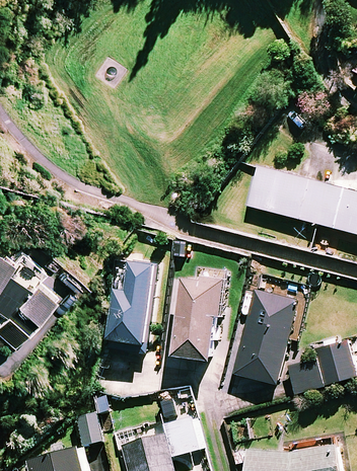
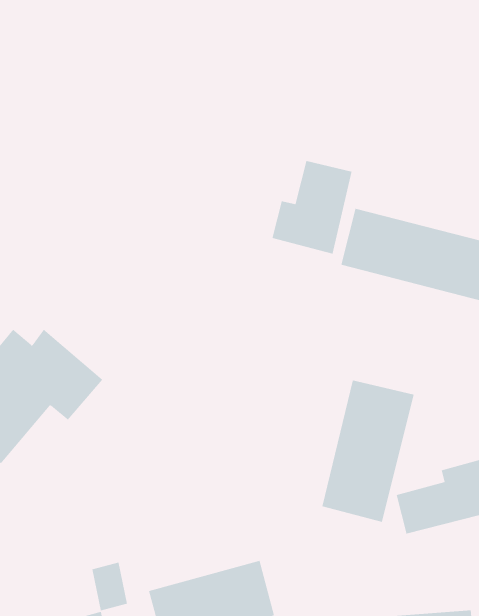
building: none -> [272,160,352,254]
building: [104,260,156,346] -> none
building: [173,276,227,363] -> none

